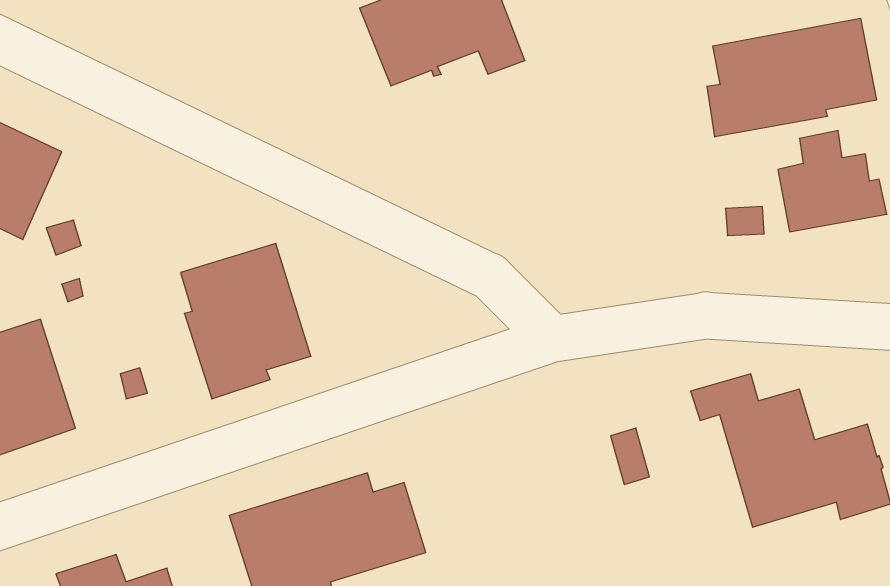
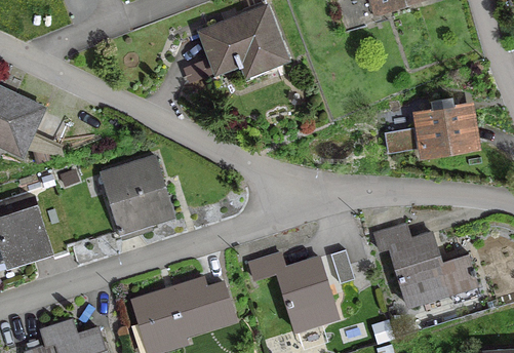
building: [707,18,876,137] -> none
building: none -> [249,253,338,330]

